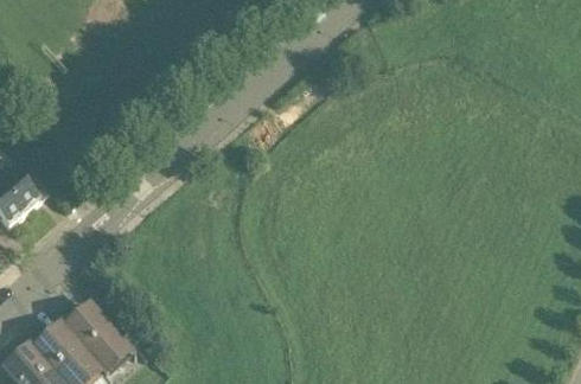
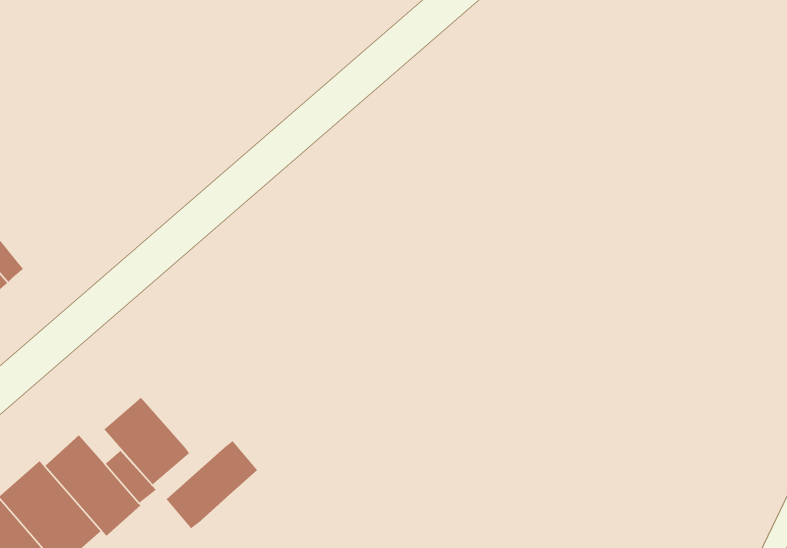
building: none -> [103,397,190,485]
building: none -> [166,440,258,529]

